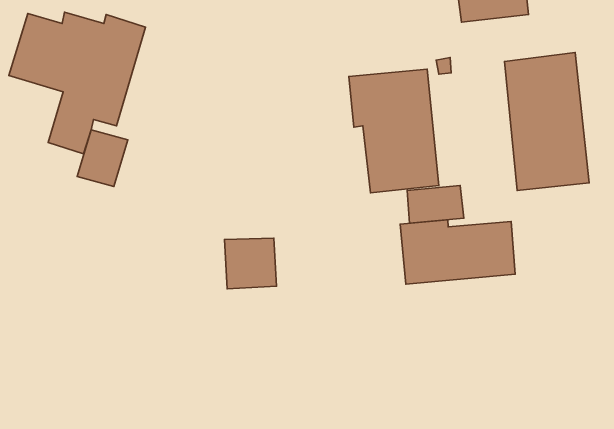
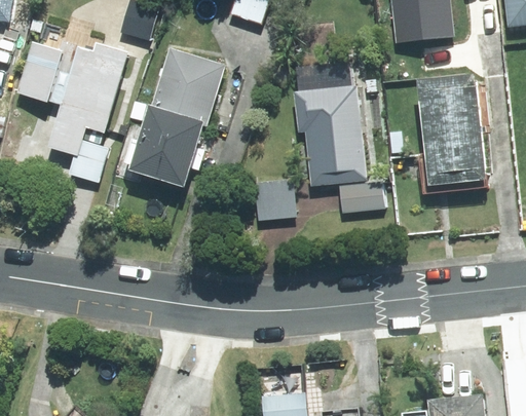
building: none -> [127,49,224,194]
building: [400,220,515,284] -> none
building: [225,238,276,289] -> [256,177,298,218]

